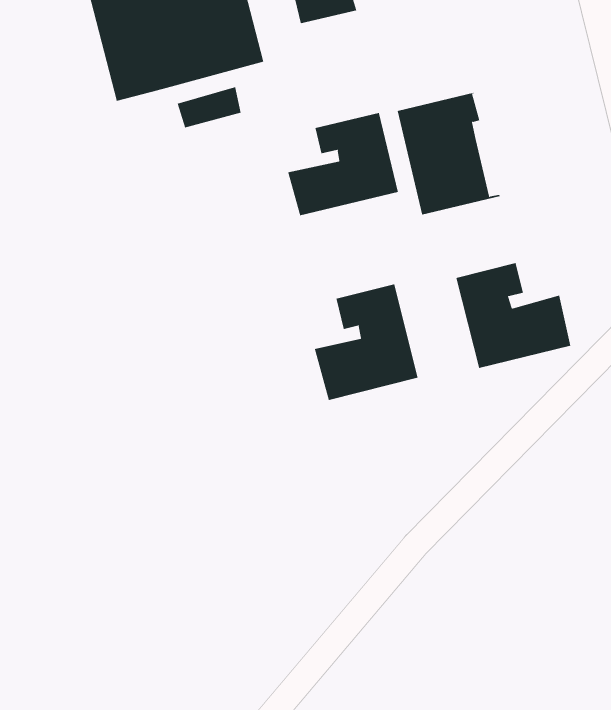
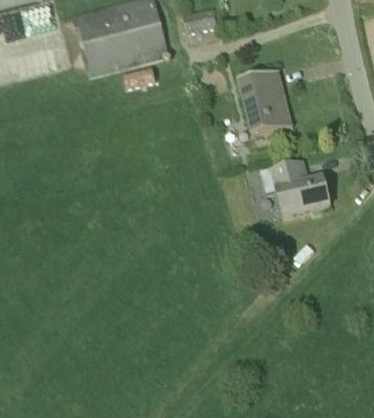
building: [288,112,398,216] -> none
building: [314,284,418,401] -> none

